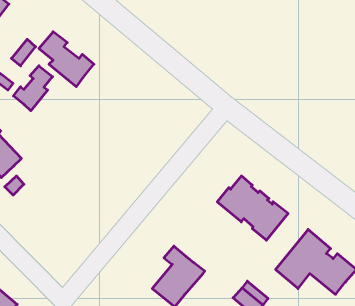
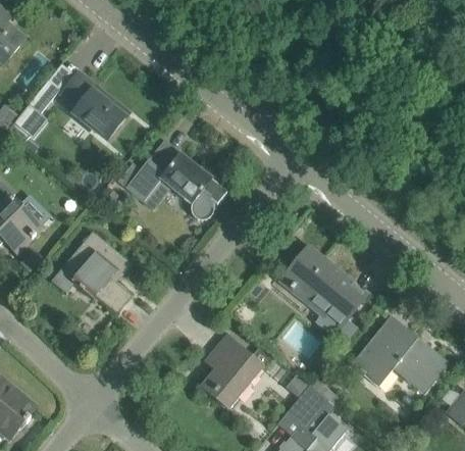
building: [13,66,53,111] -> none
building: none -> [118,141,228,219]
building: none -> [56,231,133,313]

